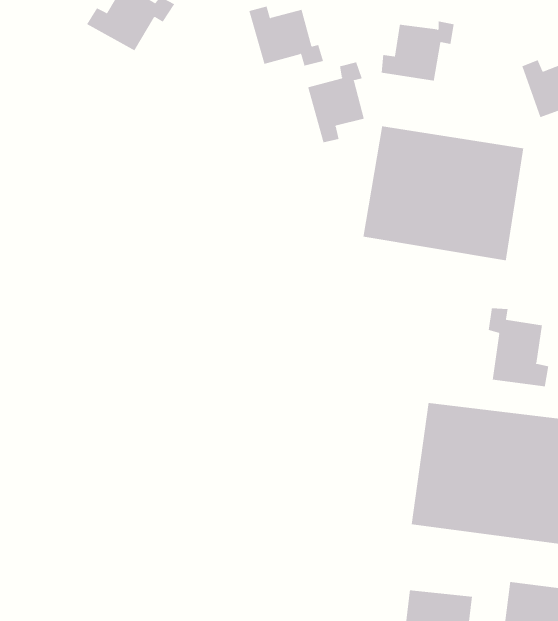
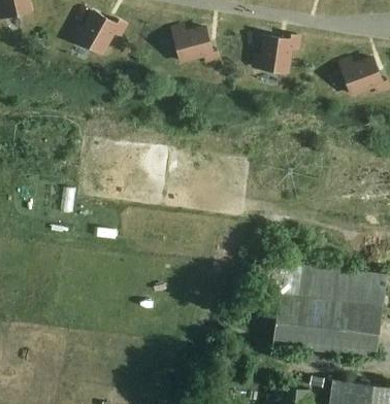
building: [307,61,364,143] -> none
building: [363,126,524,261] -> none
building: [488,307,549,387] -> none

